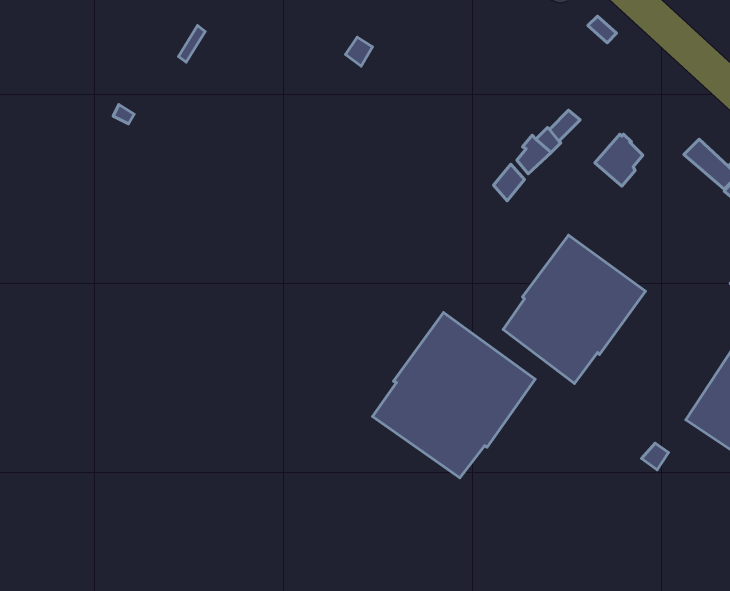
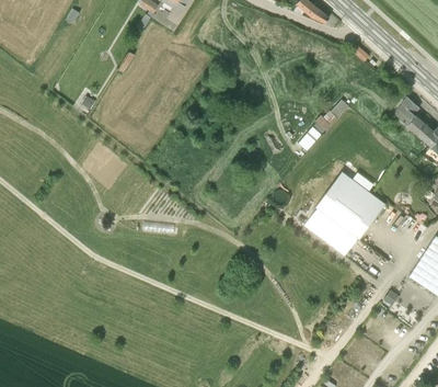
building: [595,134,643,186] -> [392,96,419,126]
building: [373,312,535,478] -> none

